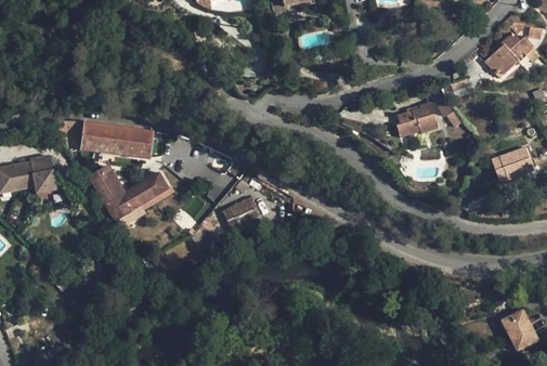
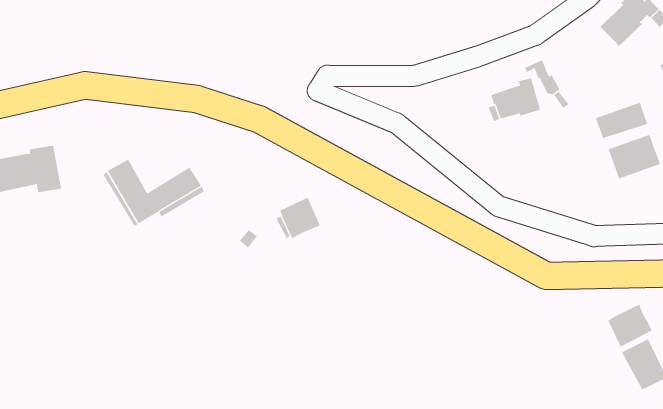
building: [52,120,153,158] -> none
building: none -> [595,102,648,139]
building: none -> [607,304,653,348]

